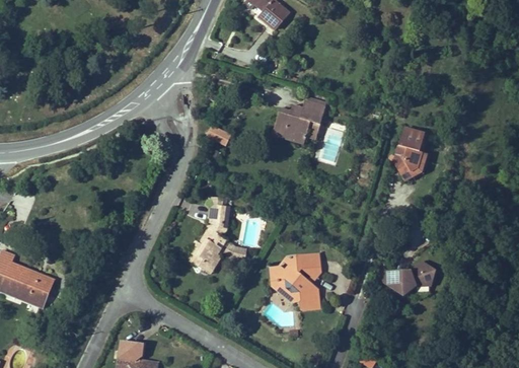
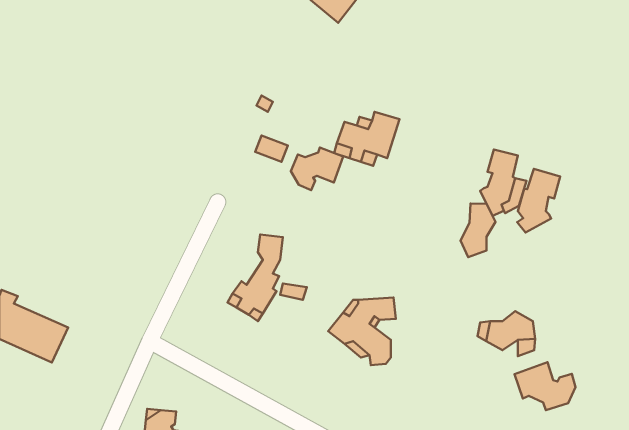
building: none -> [291,148,343,190]
building: none -> [517,169,560,232]
building: none -> [460,203,496,257]
building: none -> [514,362,575,410]

